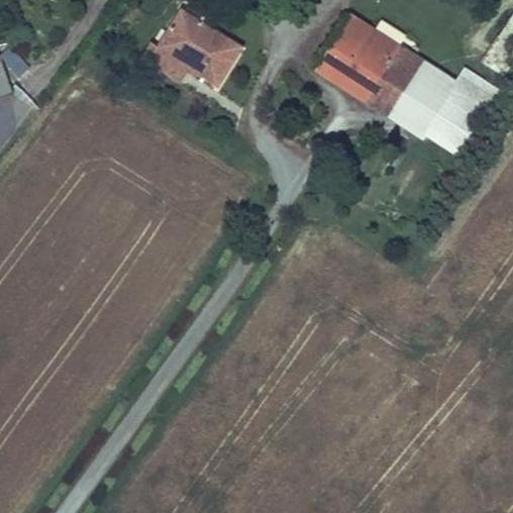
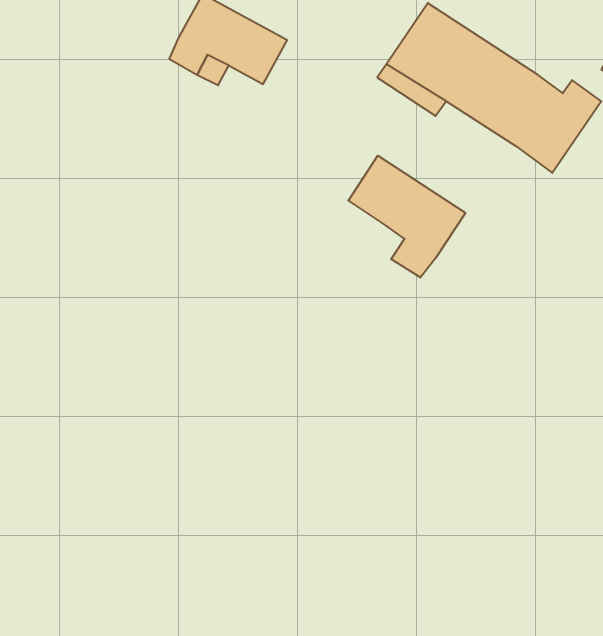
building: none -> [348,156,465,278]

